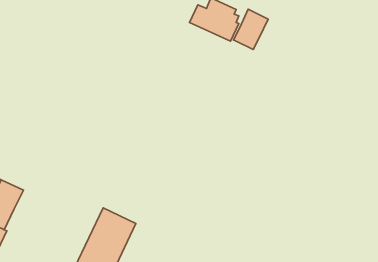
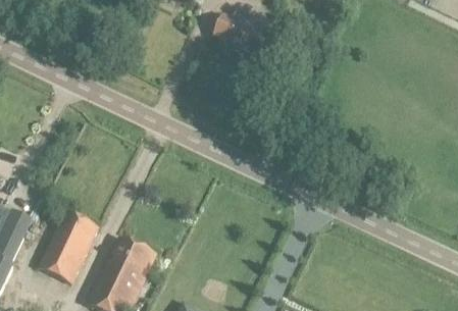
building: [234,9,268,50] -> none
building: none -> [39,210,98,281]

